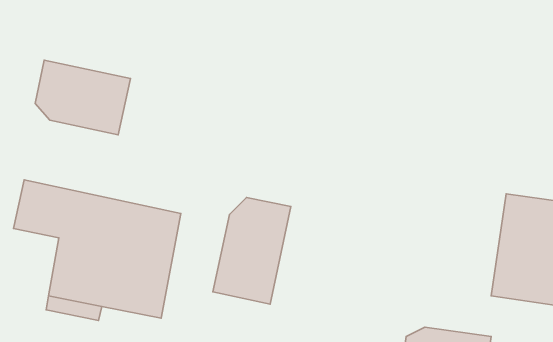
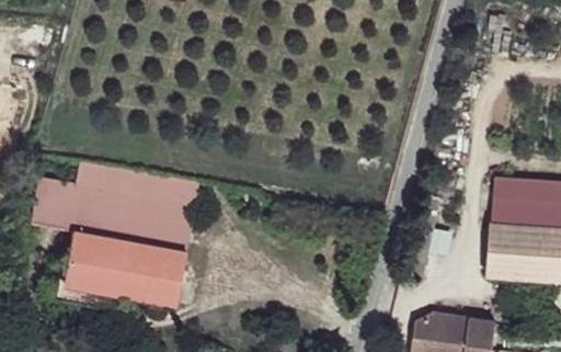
building: [35,60,130,135] -> none
building: [213,197,291,304] -> none

